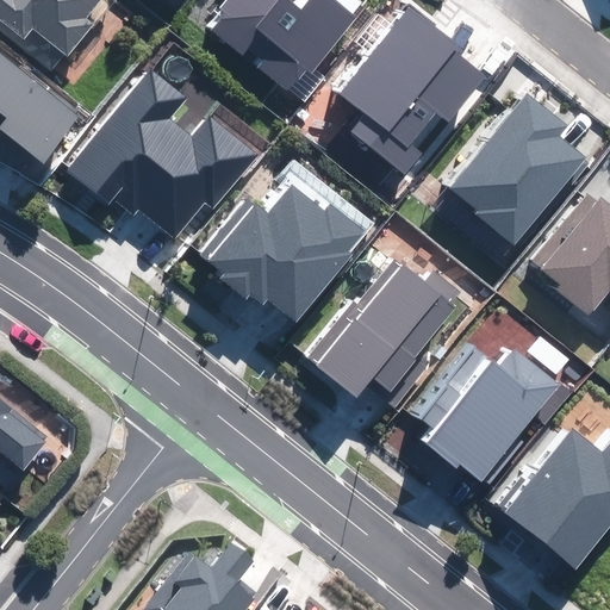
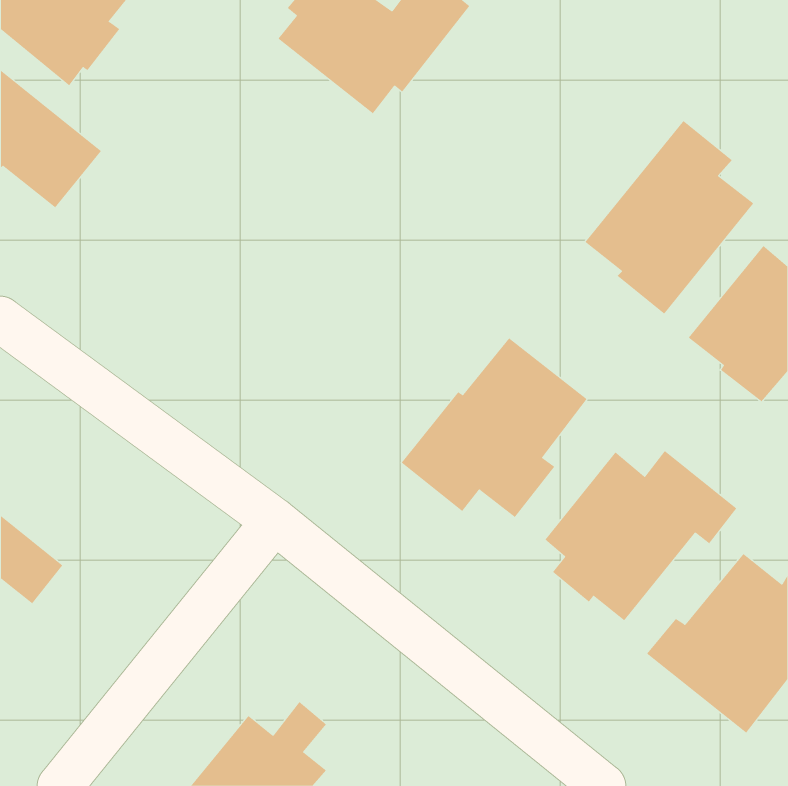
building: [342,5,483,172] -> none
building: [69,69,256,236] -> none
building: [201,186,366,319] -> none

